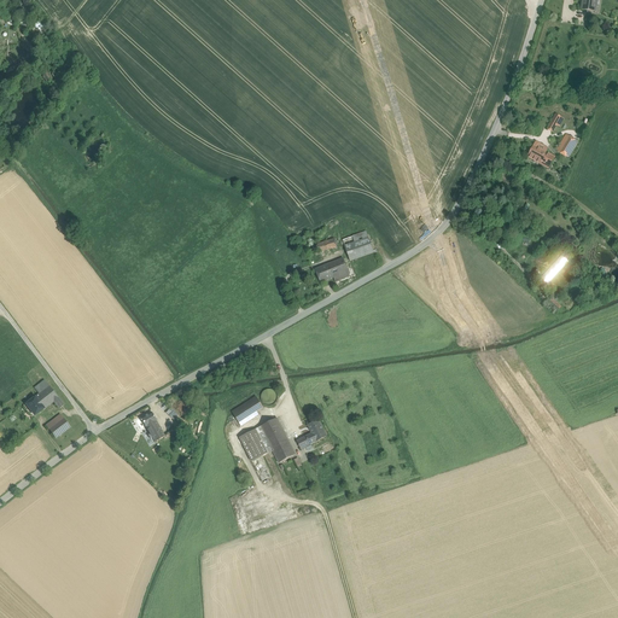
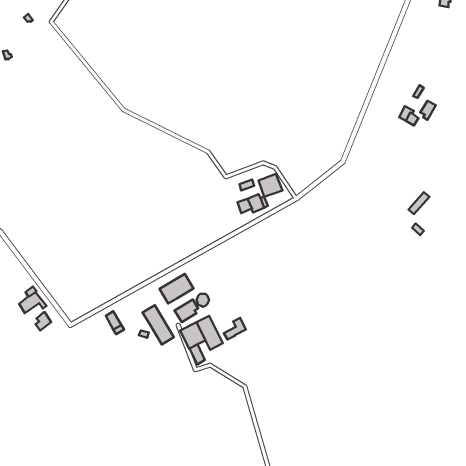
building: none -> [160,274,194,304]
building: none -> [143,305,174,344]

